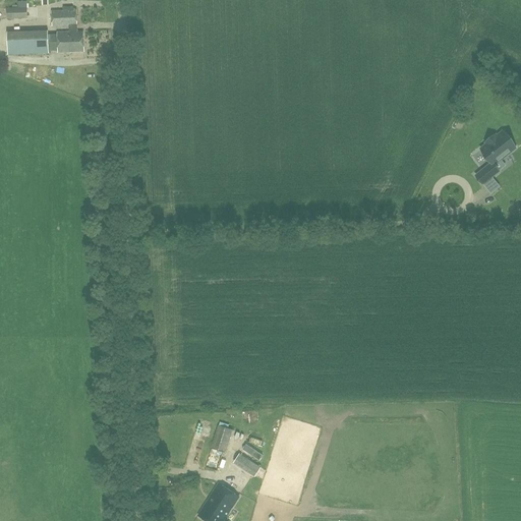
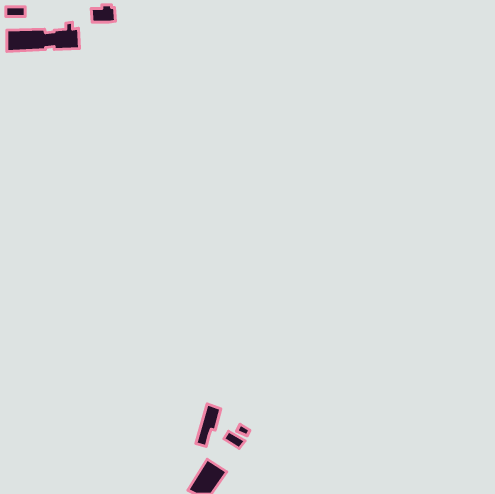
building: [51,6,76,24] -> [91,5,116,22]
building: [476,130,514,183] -> none

